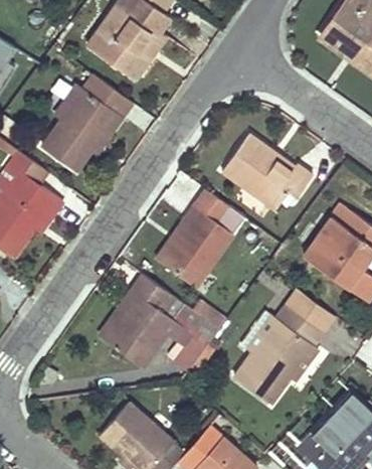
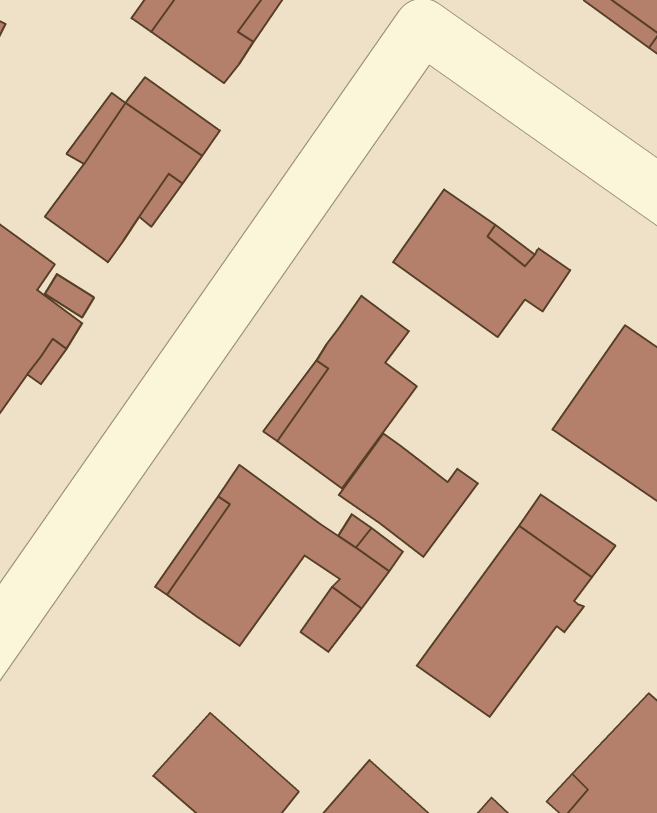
building: none -> [339,433,478,557]

